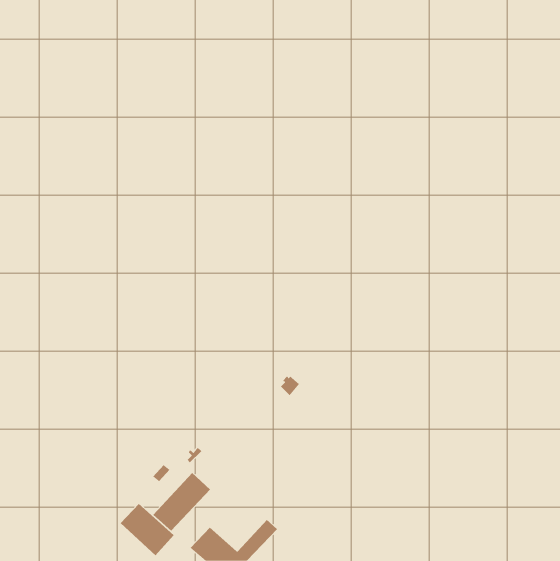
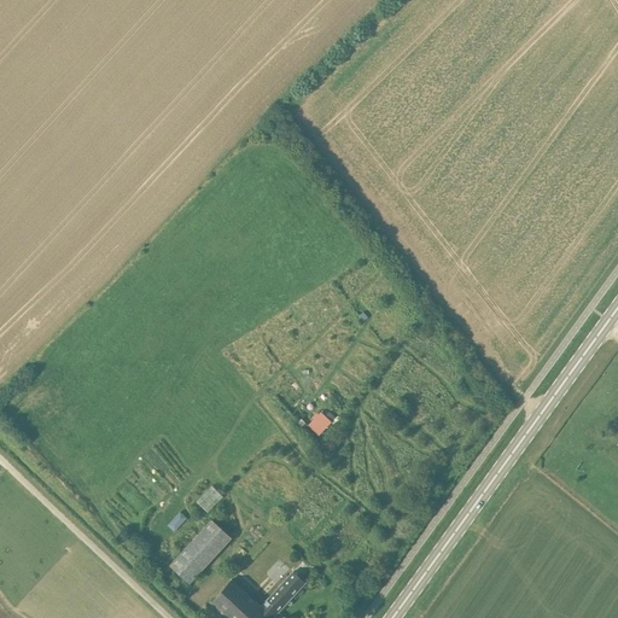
building: [120,503,175,556] -> none

